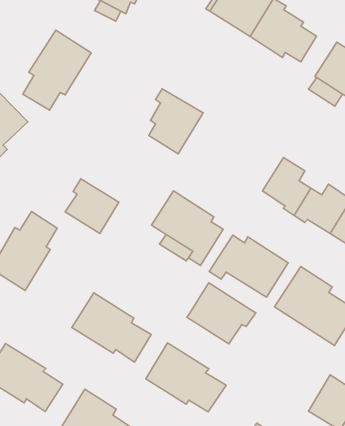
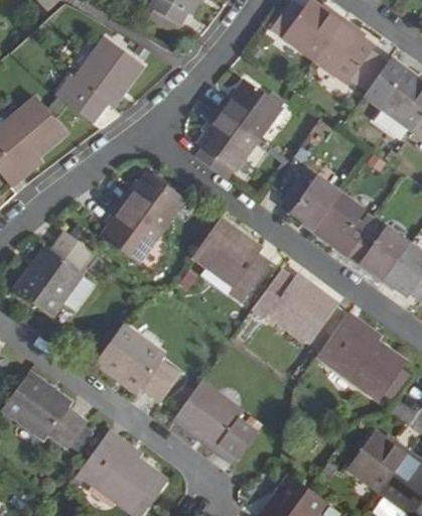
building: none -> [216,79,281,138]
building: none -> [282,170,340,227]
building: none -> [121,170,183,228]
building: [187,283,256,344] -> none

